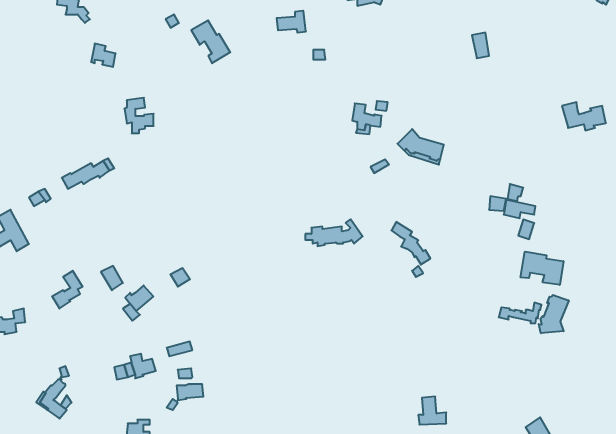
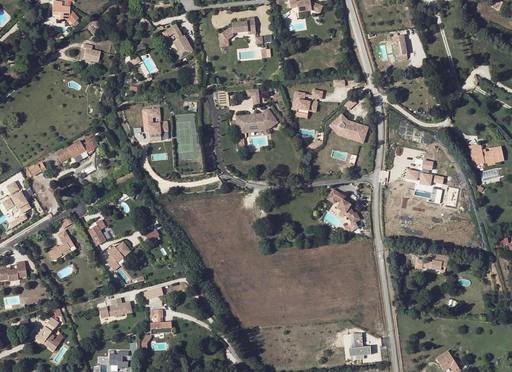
building: [124,98,154,133] -> [142,109,166,138]
building: [562,102,606,130] -> [468,143,504,166]
building: [305,219,363,246] -> [231,109,278,131]
building: [521,252,563,285] -> none
building: [539,295,569,333] -> none

